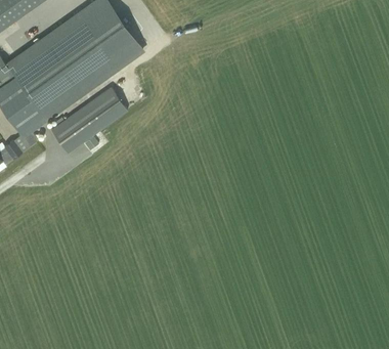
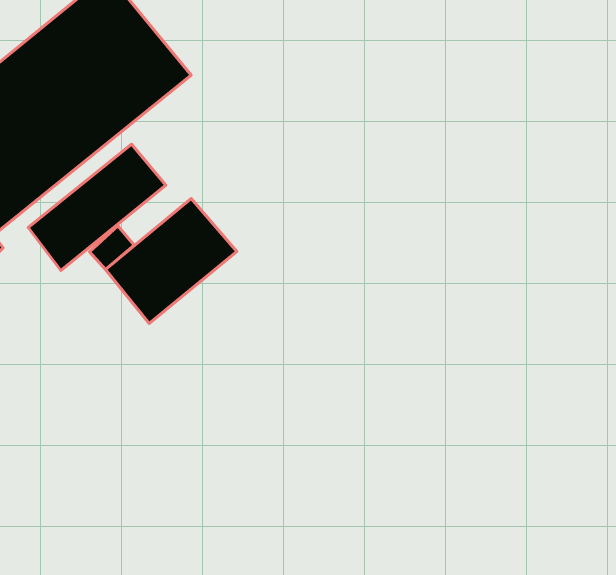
building: none -> [106,198,237,324]

